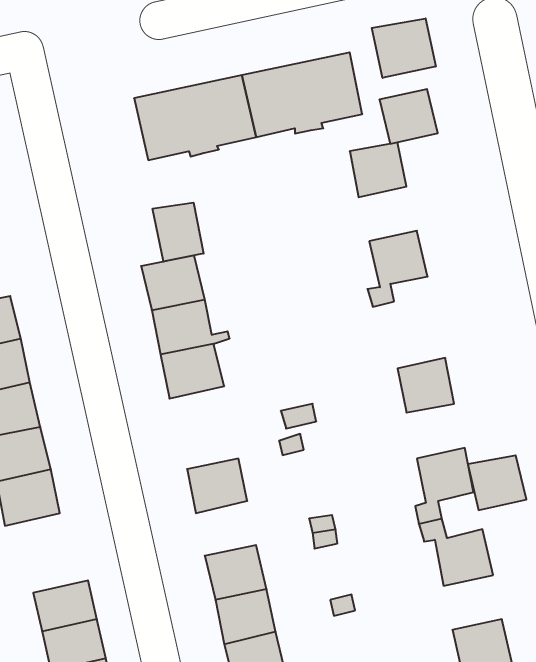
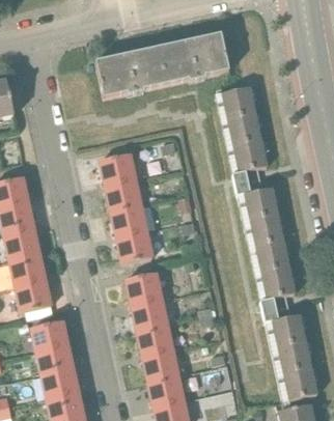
building: [372,18,436,78] -> none
building: [379,89,438,144] -> [226,112,260,144]
building: [153,203,204,262] -> none
building: none -> [234,179,277,219]
building: none -> [115,229,152,261]
building: [468,455,526,510] -> [254,240,288,272]
building: none -> [131,297,166,329]
building: none -> [30,319,67,350]
building: none -> [276,340,310,372]

